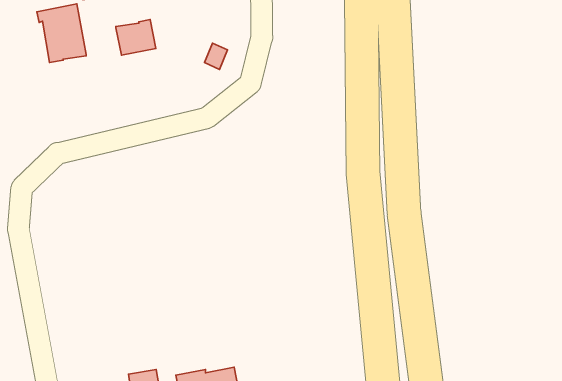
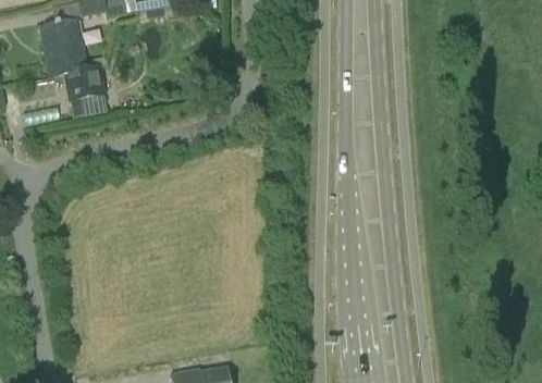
building: [116,20,156,55] -> [64,70,102,103]

